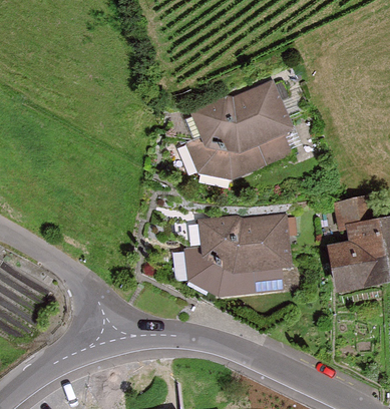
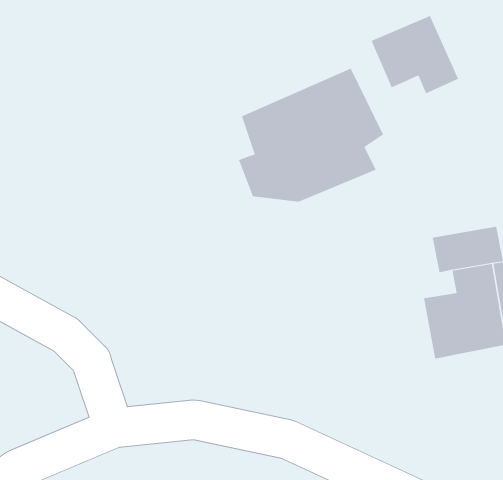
building: none -> [371,15,459,94]
building: [181,214,285,293] -> none

